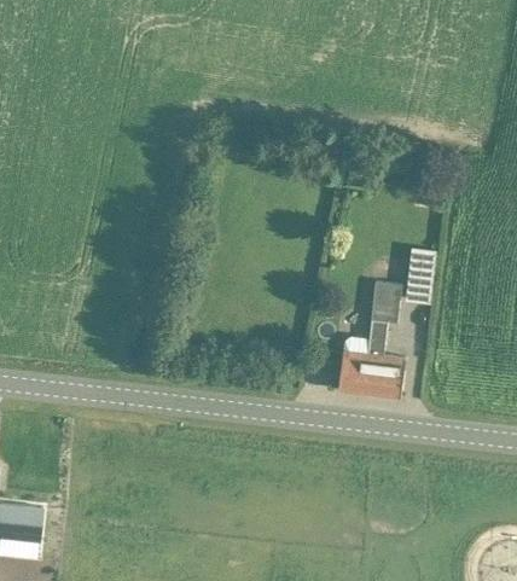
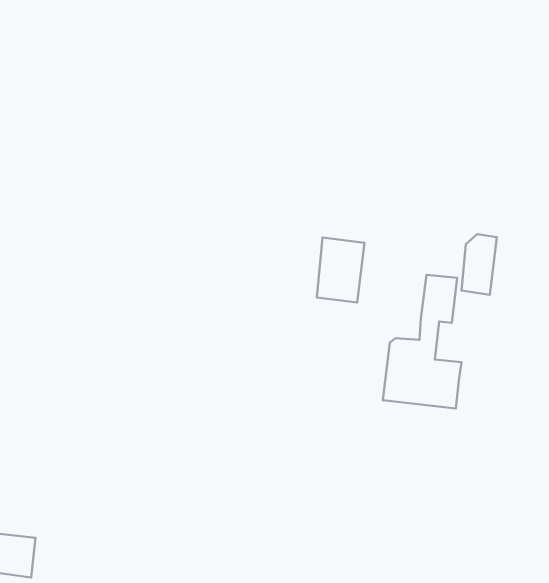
building: none -> [317,237,365,302]

